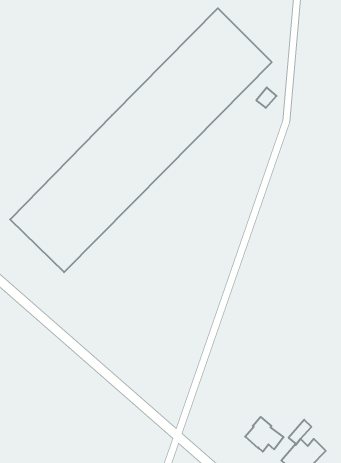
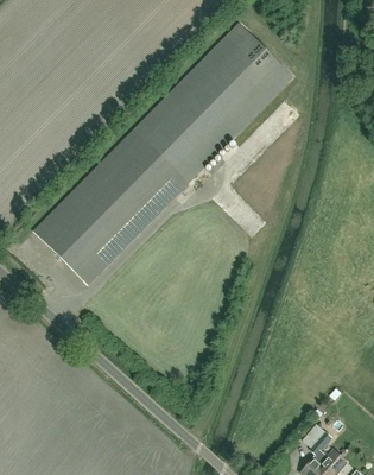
building: [245,417,284,452] -> none

